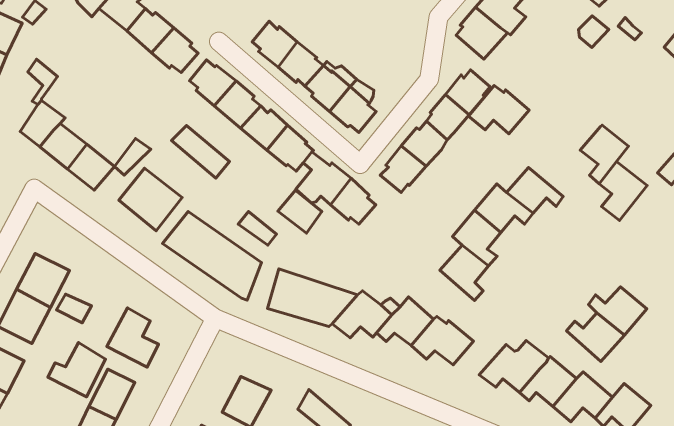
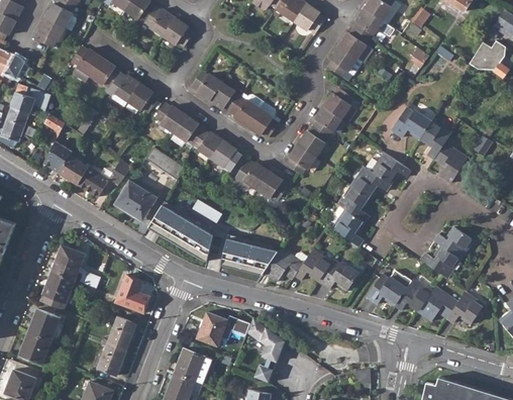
building: [468,86,529,134] -> [391,106,431,137]
building: [278,190,322,233] -> none
building: [48,343,106,397] -> none

